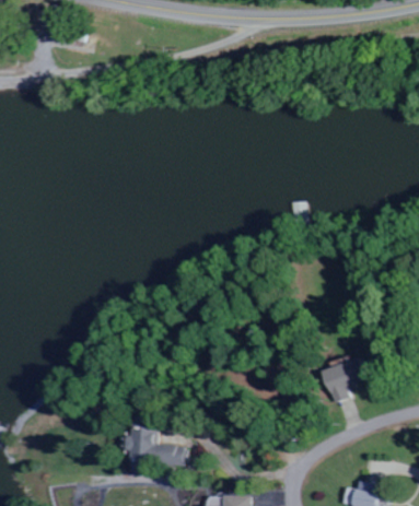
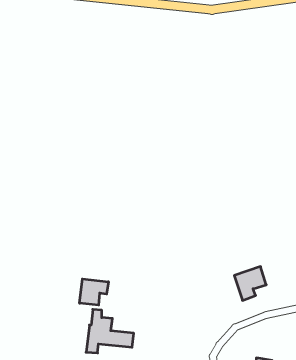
building: none -> [80,279,108,305]

